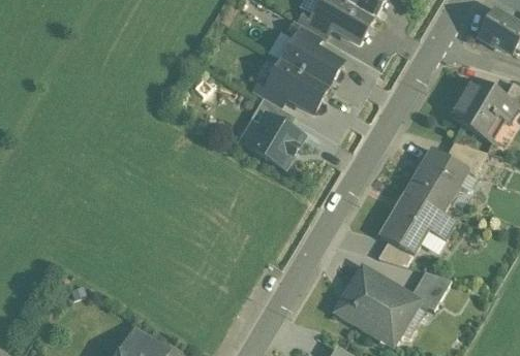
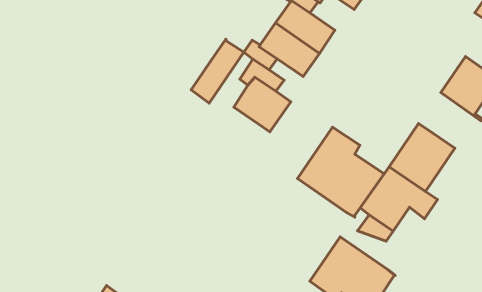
building: none -> [191,39,244,103]
building: [445,142,486,173] -> none
building: none -> [297,127,384,217]
building: [410,271,451,309] -> none

